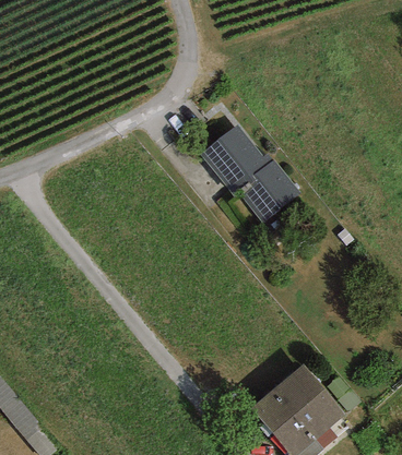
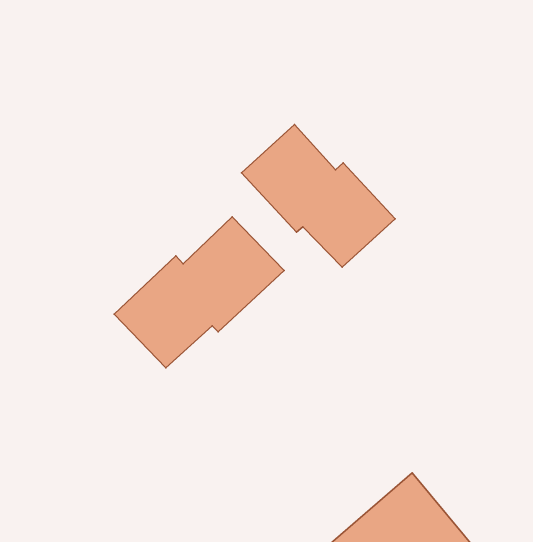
building: none -> [114,217,284,368]

